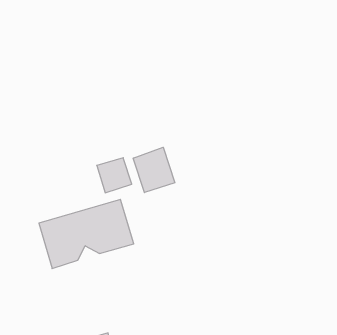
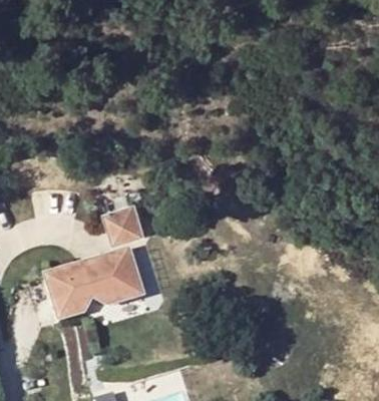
building: [133,147,175,193] -> none

